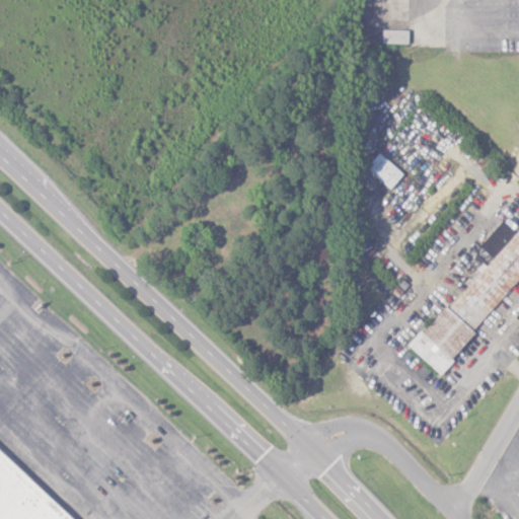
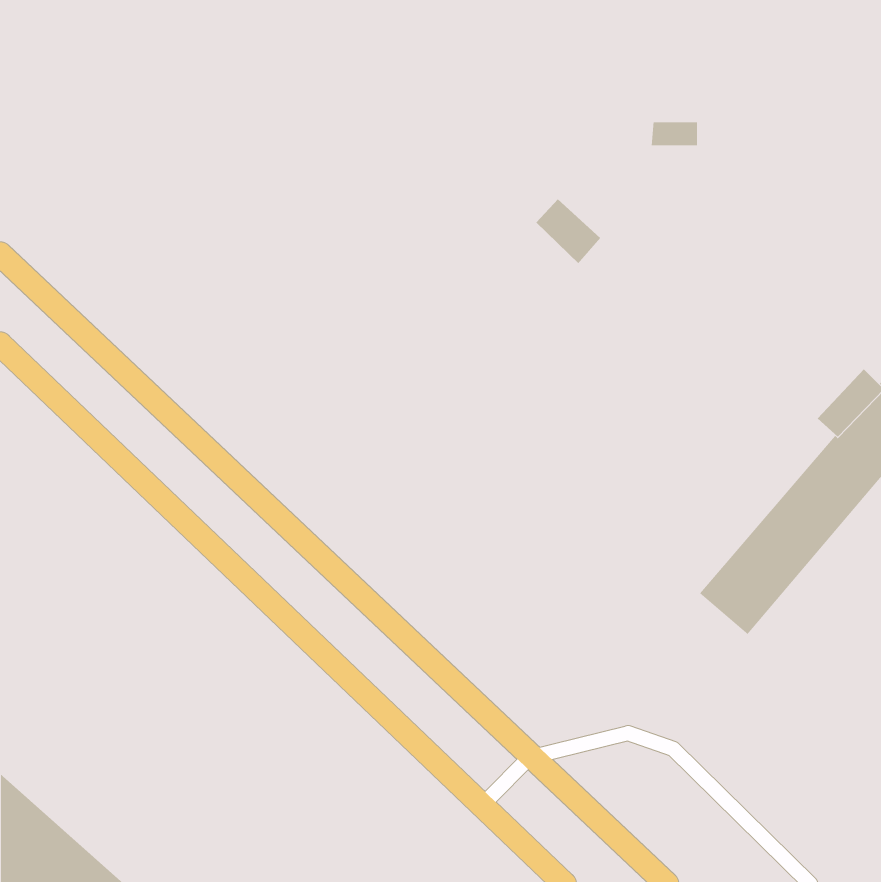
building: [382,31,410,46] -> [651,122,698,146]
building: [366,152,404,191] -> [535,198,601,264]

